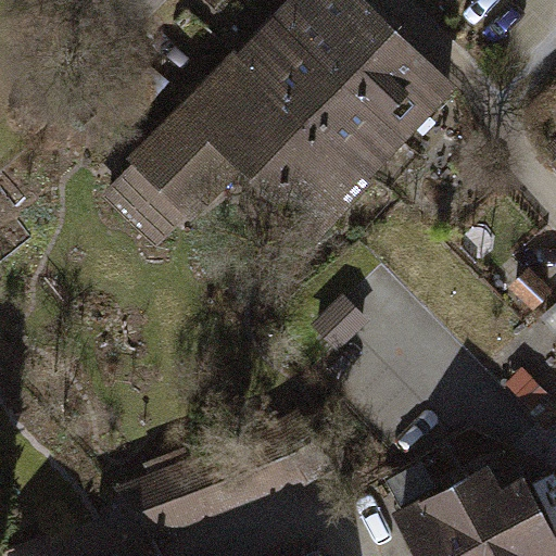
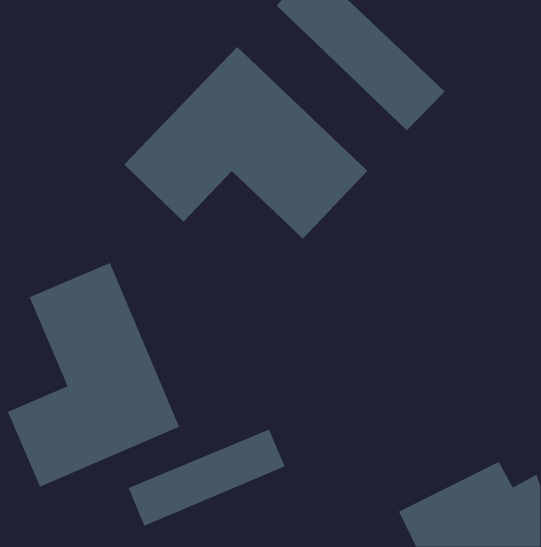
building: [240,5,412,173] -> none
building: none -> [7,262,180,487]

